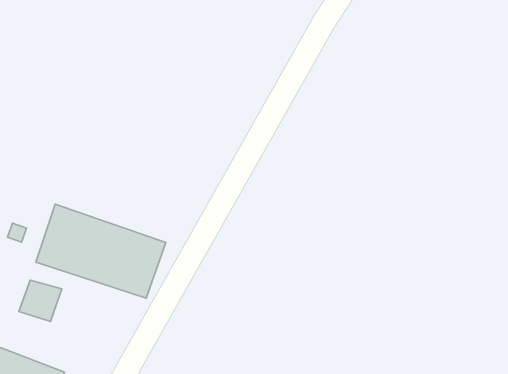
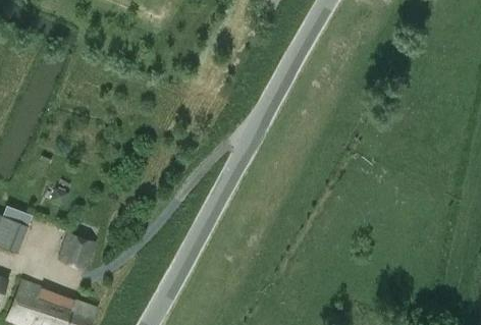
building: [36,204,166,298] -> none

